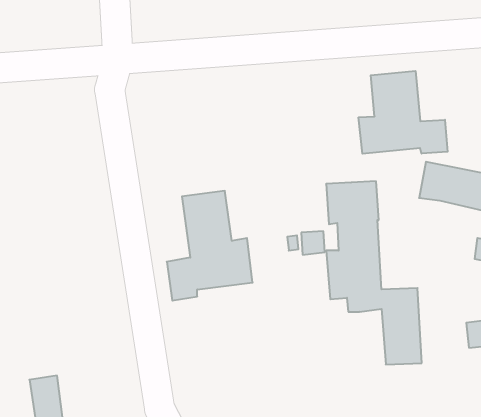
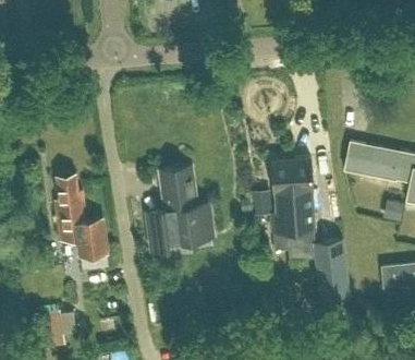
building: [359,71,448,154] -> none
building: none -> [54,175,107,257]

